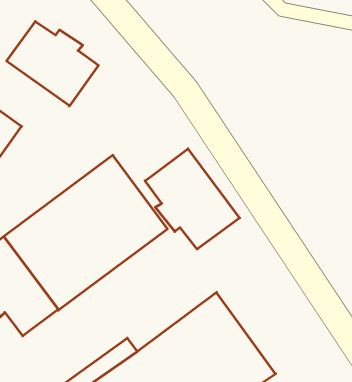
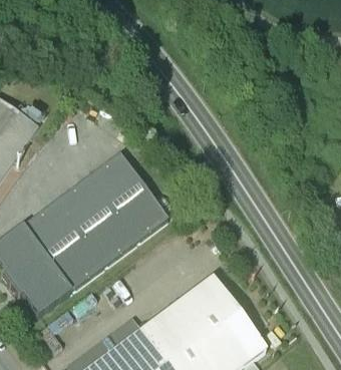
building: [7,21,98,106] -> none
building: [145,149,240,249] -> none

